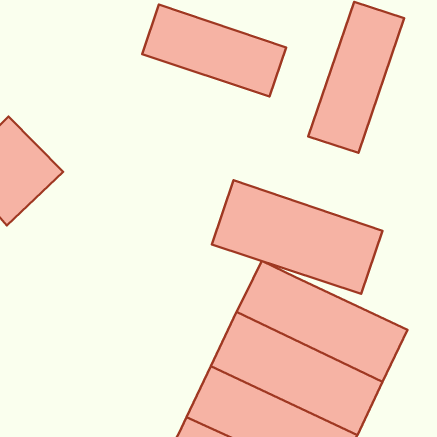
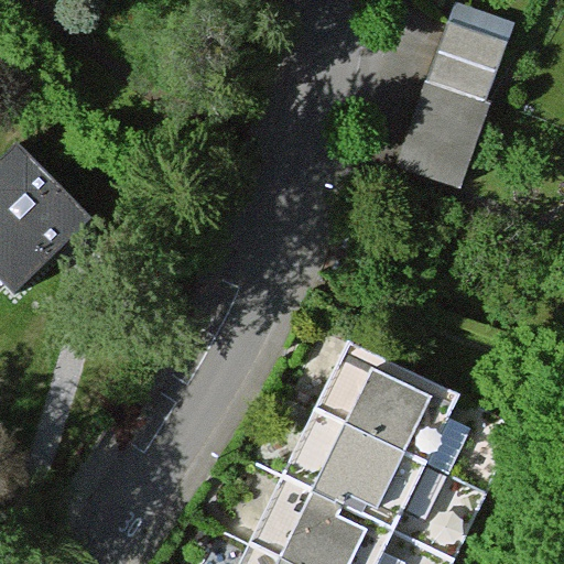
building: [142,4,286,96] -> none
building: [212,180,383,294] -> none

